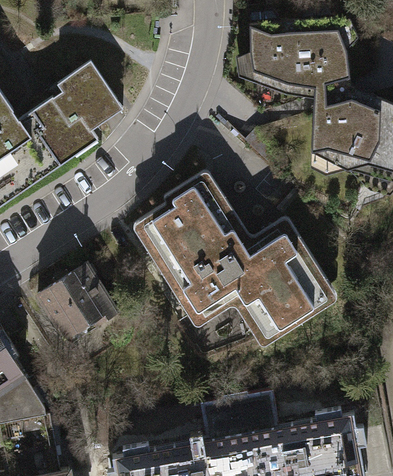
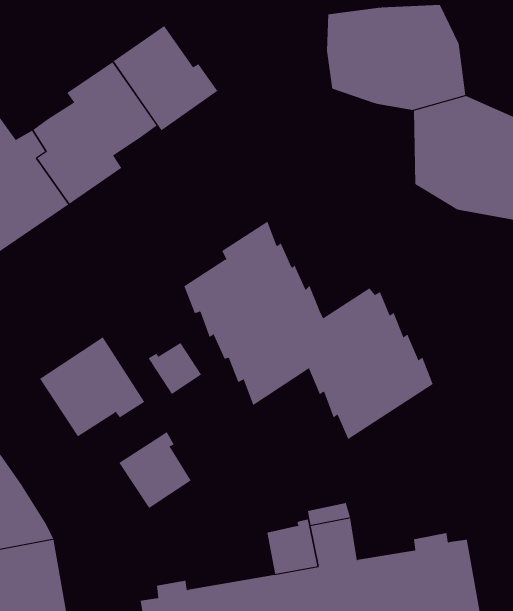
building: none -> [113,25,218,131]
building: none -> [148,342,202,395]
building: none -> [118,431,192,509]

